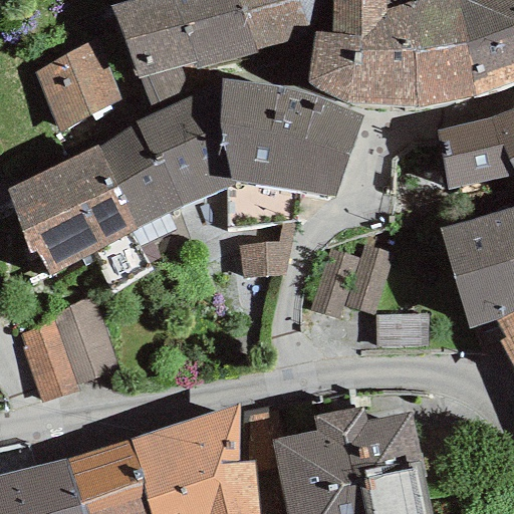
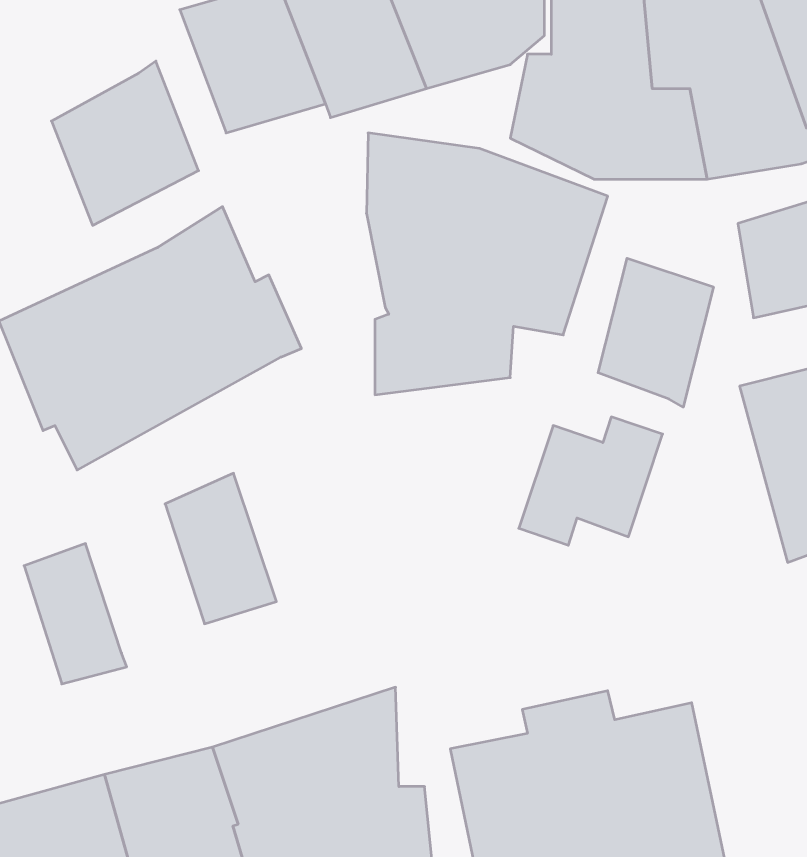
building: [137,79,234,206] -> none
building: none -> [598,258,713,407]
building: [54,296,119,384] -> [165,473,276,624]

